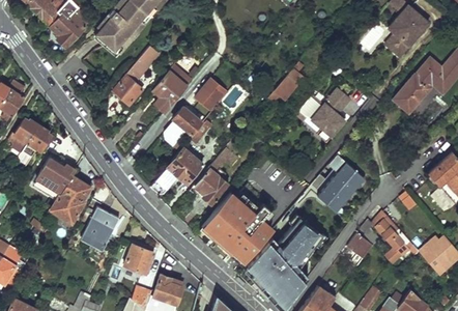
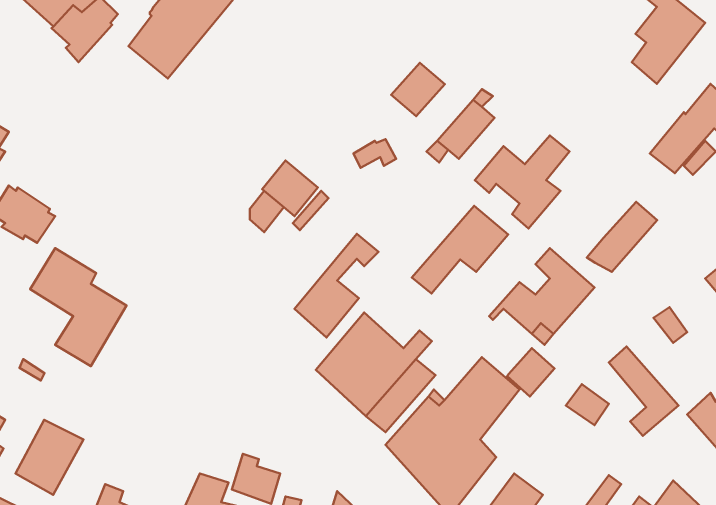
building: [111,53,153,106] -> none
building: [151,63,194,113] -> none
building: [195,78,226,109] -> [391,63,445,116]
building: none -> [587,202,657,272]
building: [149,144,205,195] -> [412,206,508,293]
building: [80,206,119,250] -> [16,420,83,495]
building: none -> [507,348,554,397]
building: [122,244,153,273] -> none

